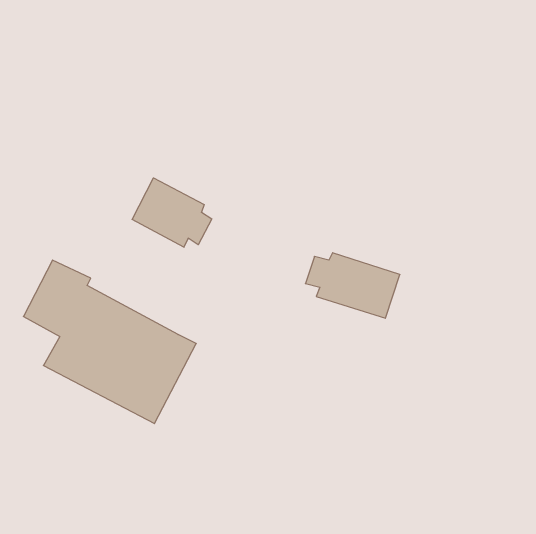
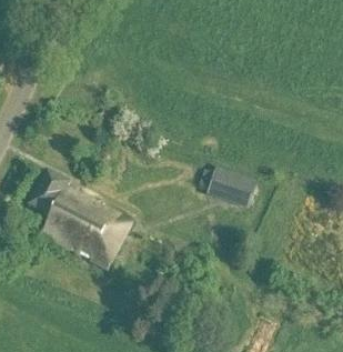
building: [132,178,212,247] -> none

